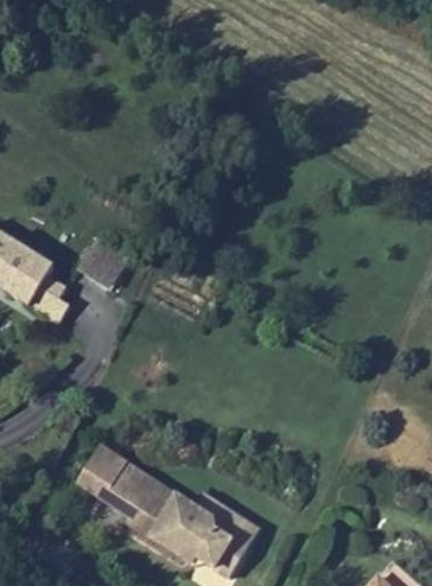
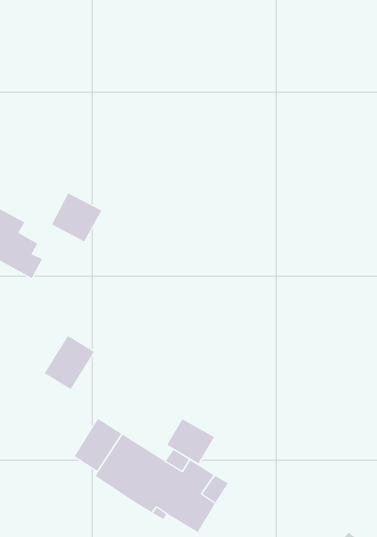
building: [76,445,127,499] -> [44,335,95,390]
building: none -> [167,418,215,464]

